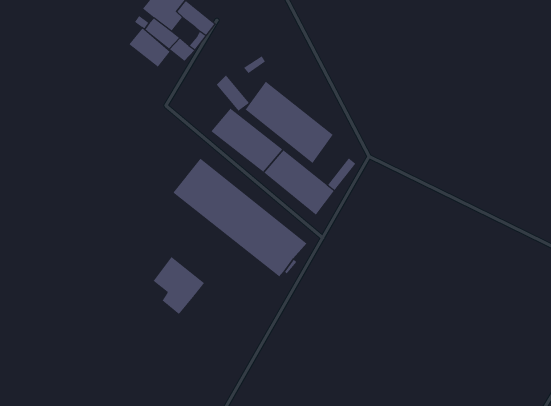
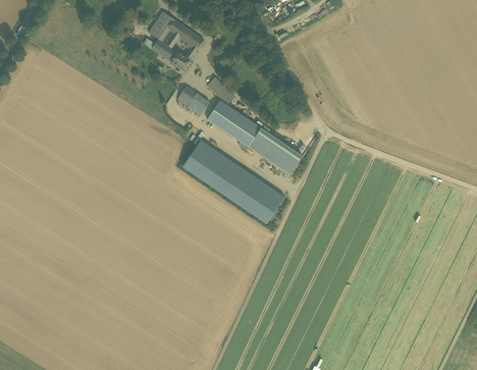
building: [128,28,170,67] -> [177,86,209,114]
building: [245,81,334,164] -> none
building: [153,256,205,315] -> none

